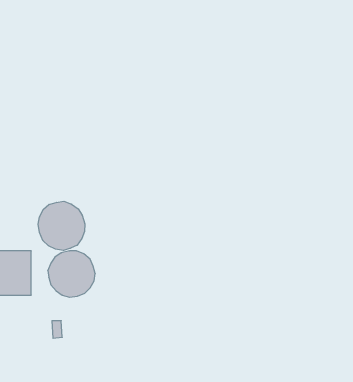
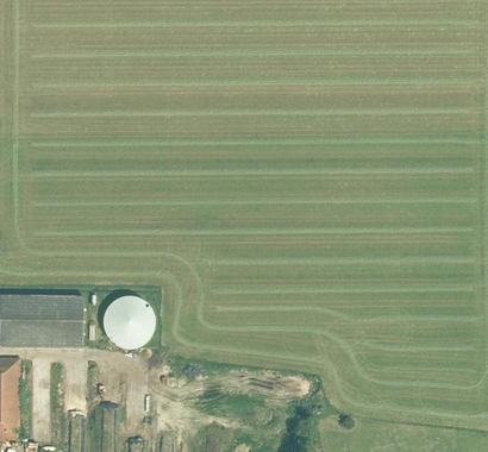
building: [38,201,85,250] -> none

